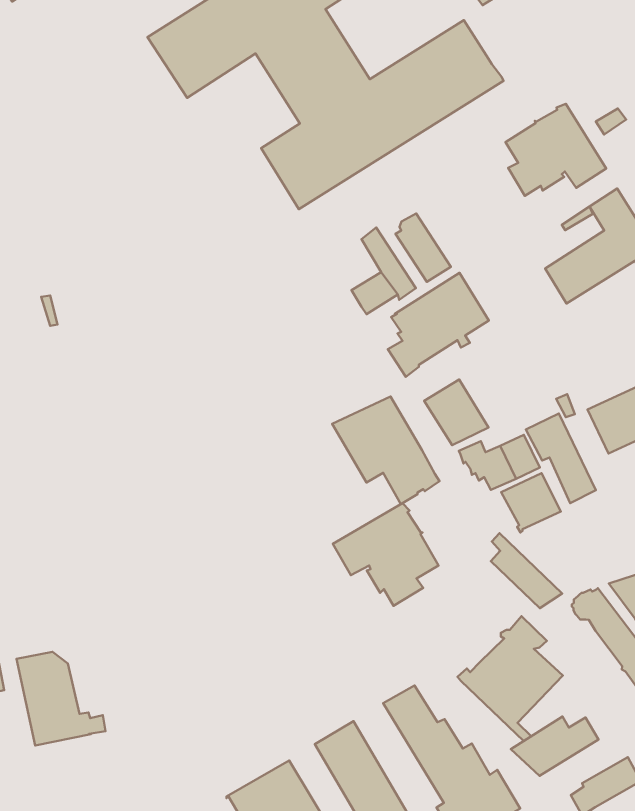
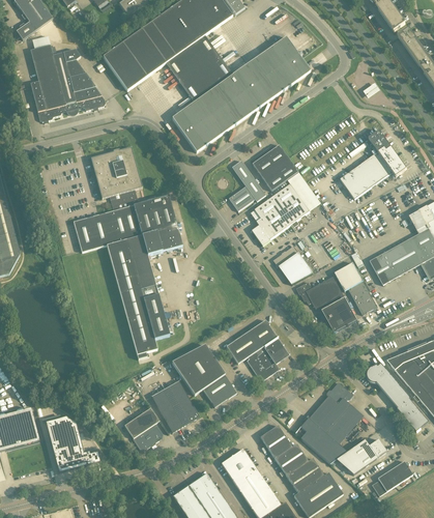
building: none -> [29,44,105,121]
building: [505,104,606,196] -> none
building: none -> [73,146,181,354]
building: none -> [263,144,298,180]
building: [332,397,440,504] -> [171,344,235,406]
building: [491,533,562,608] -> [299,421,342,463]
building: none -> [150,380,199,432]
building: none -> [123,407,161,449]

